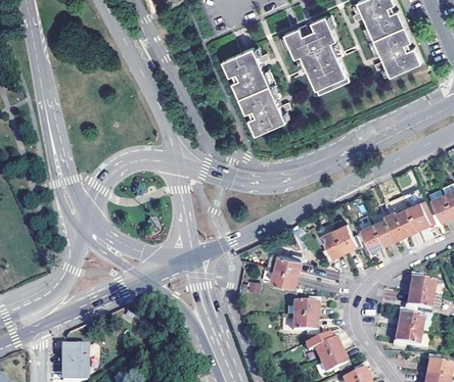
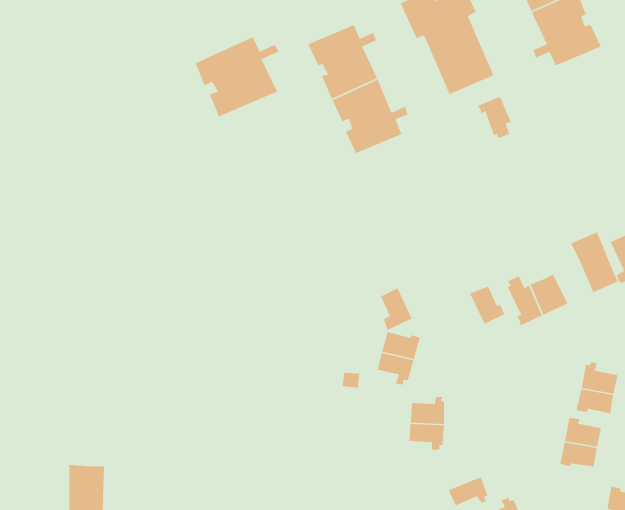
building: none -> [195,36,280,117]
building: none -> [477,96,512,139]
building: [391,206,417,235] -> none
building: [321,228,344,257] -> [380,287,413,331]
building: [305,334,342,361] -> none

